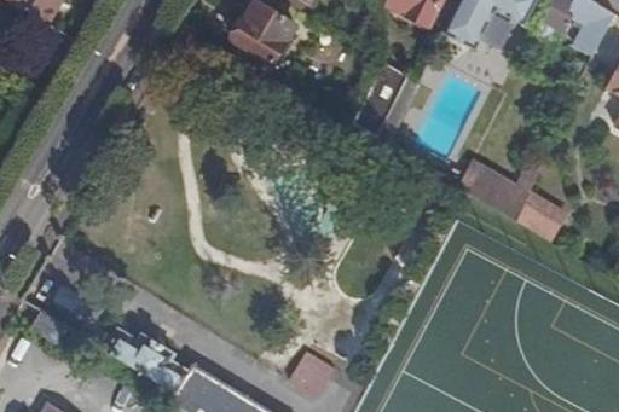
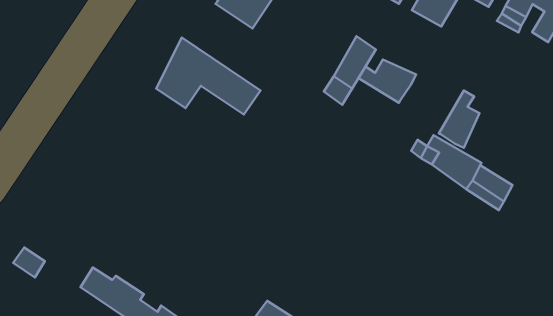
building: none -> [156,38,260,115]
building: none -> [358,60,416,103]
building: none -> [439,91,479,148]

